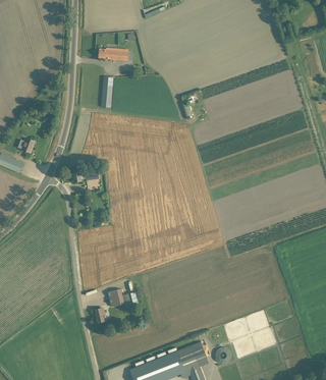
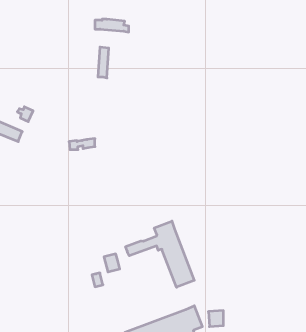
building: none -> [126,221,194,287]

